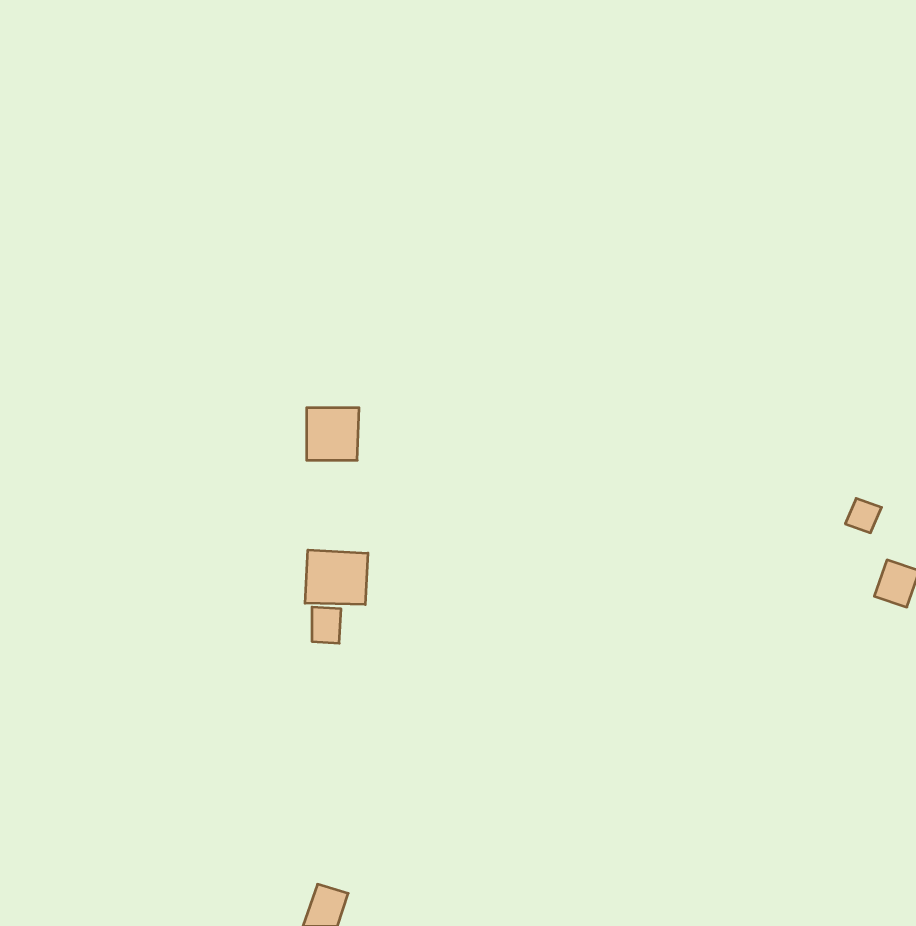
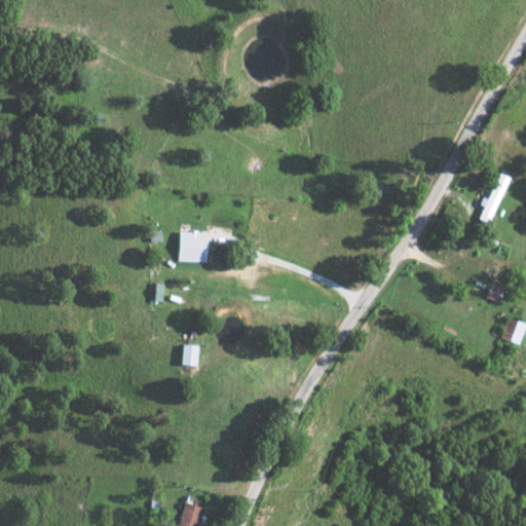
building: none -> [477,172,512,223]
building: [305,550,368,605] -> none

